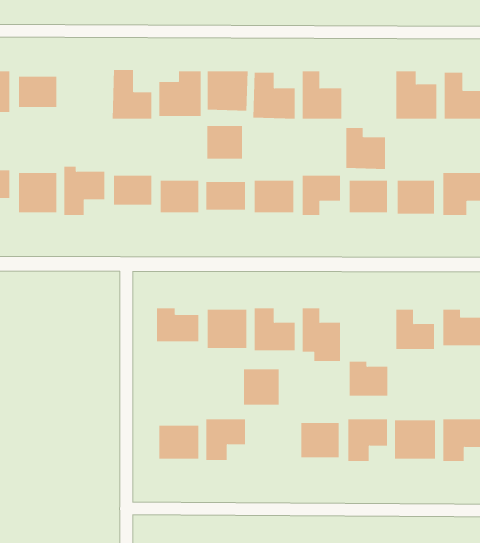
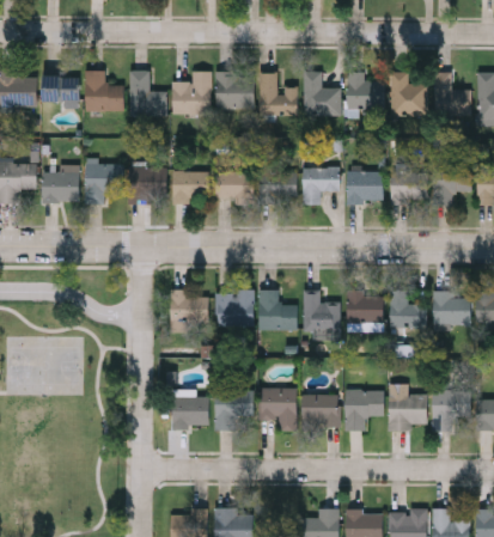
building: none -> [86,72,123,111]
building: [207,125,242,159] -> none
building: [345,128,386,169] -> [347,73,384,111]
building: [349,361,388,396] -> [347,291,383,323]
building: [243,369,280,405] -> [262,388,295,421]

